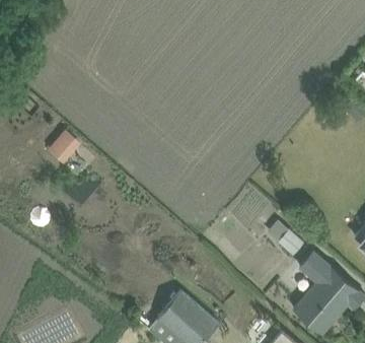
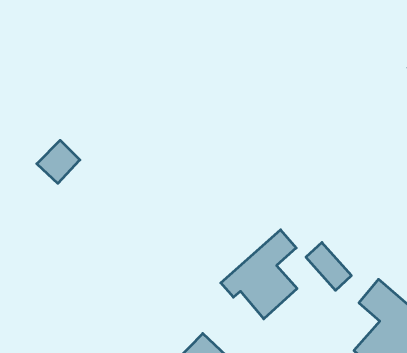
building: none -> [221,230,297,319]

